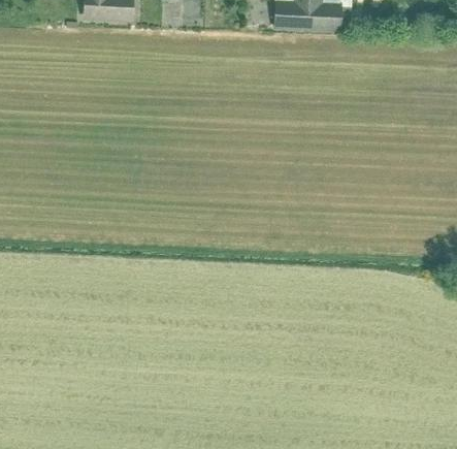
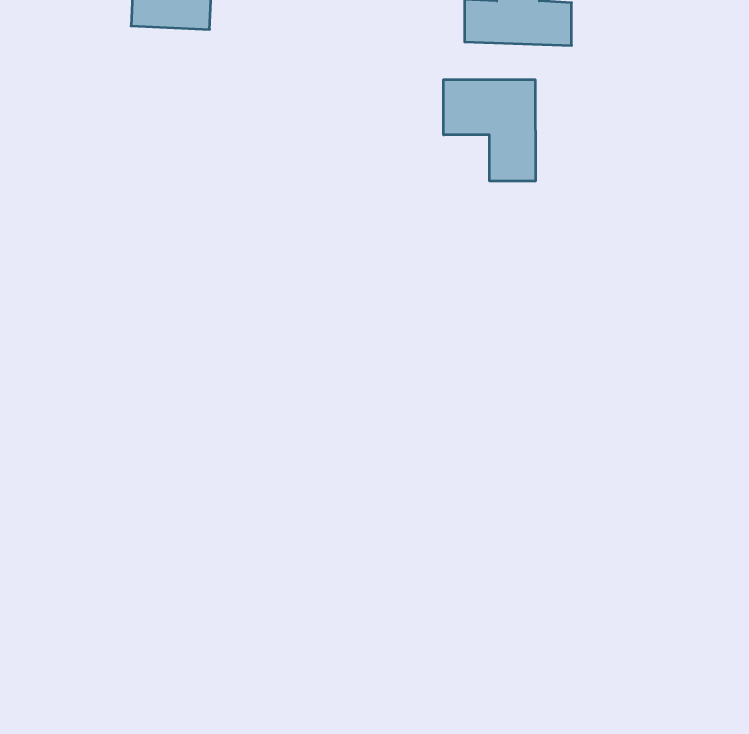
building: none -> [444,80,535,181]

